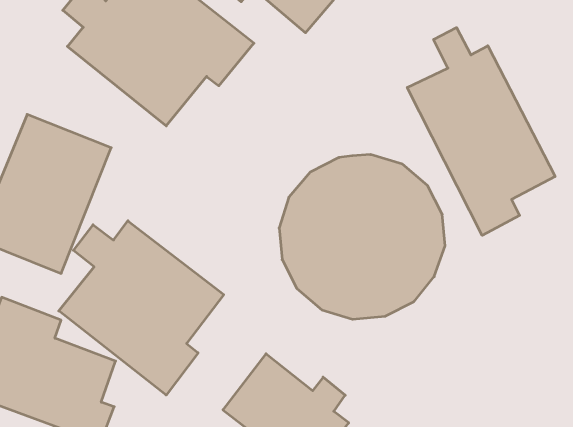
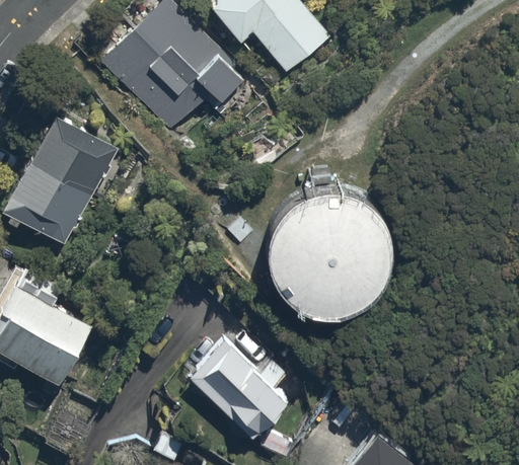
building: [407,28,555,235] -> none
building: [59,221,224,395] -> none

